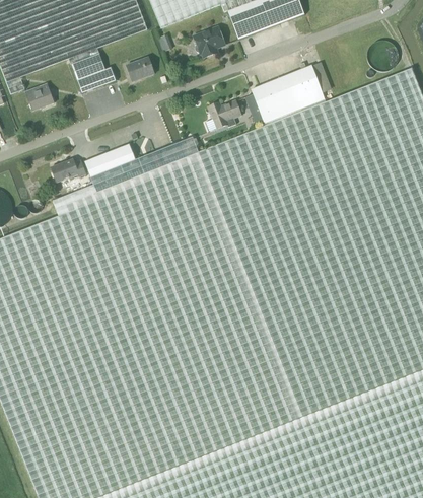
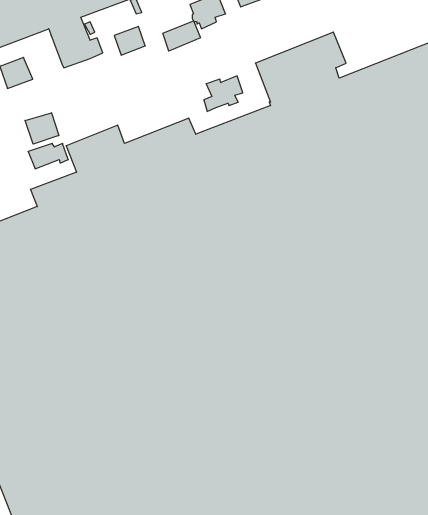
building: none -> [163,21,201,51]
building: none -> [25,113,59,144]

